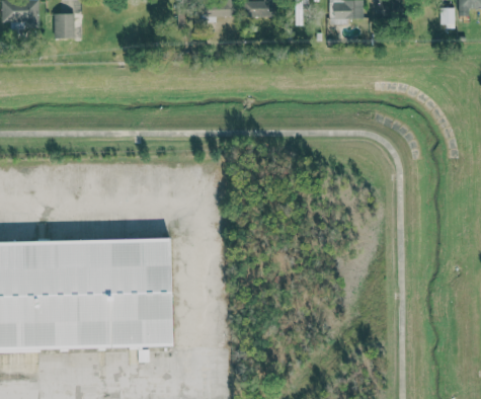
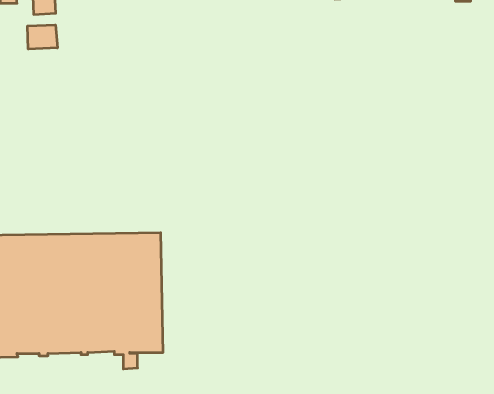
building: none -> [28,25,57,49]

